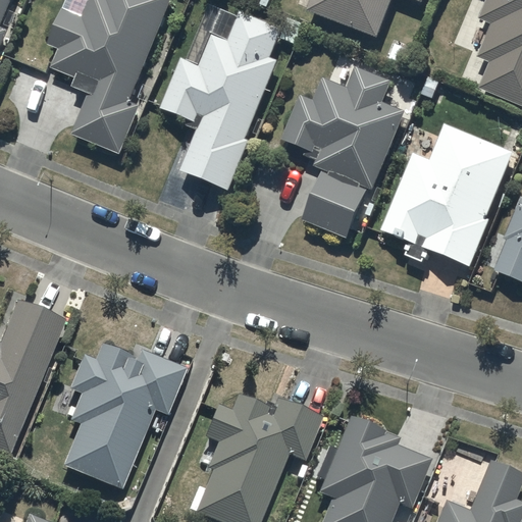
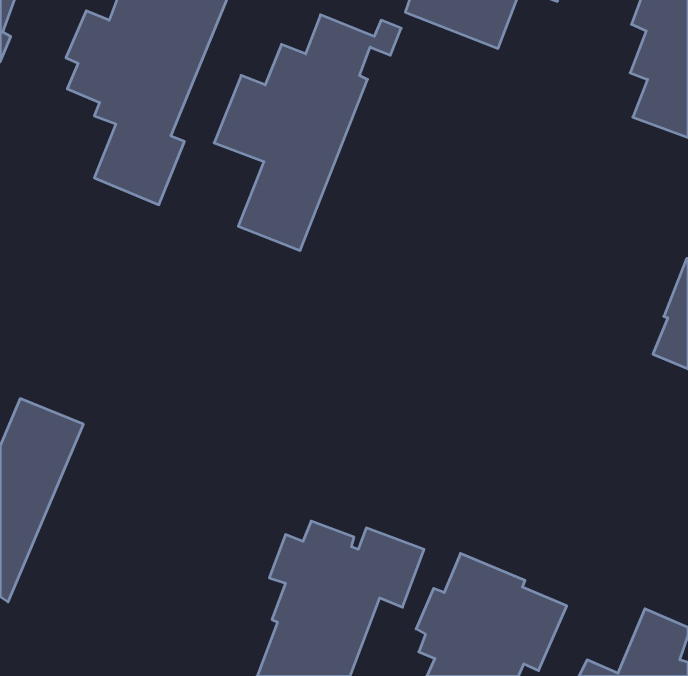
building: [280,66,405,240] -> none
building: [381,122,514,266] -> none
building: [62,345,185,489] -> none

